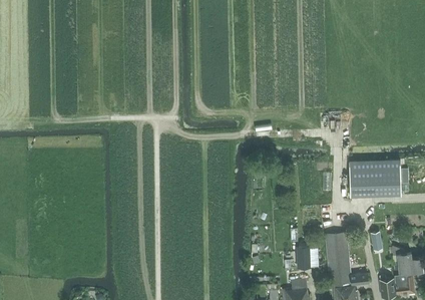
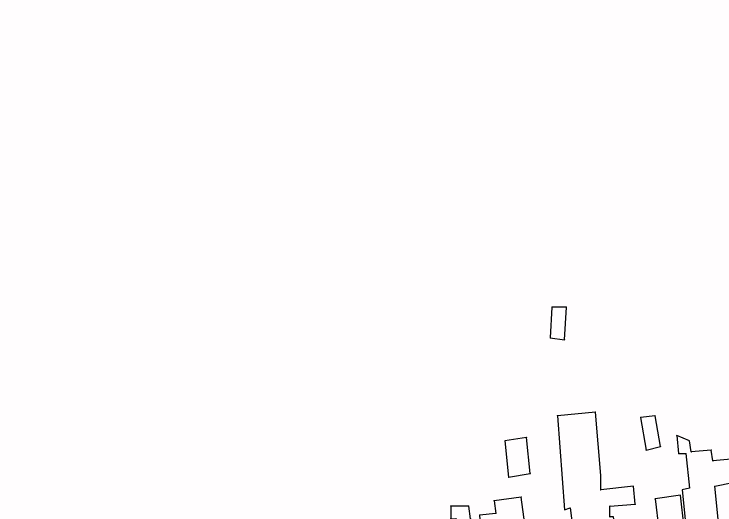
building: [348,168,400,197] -> none

